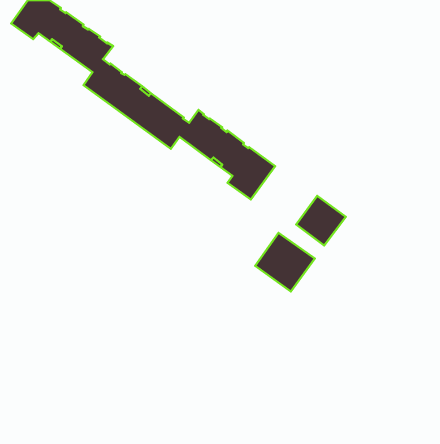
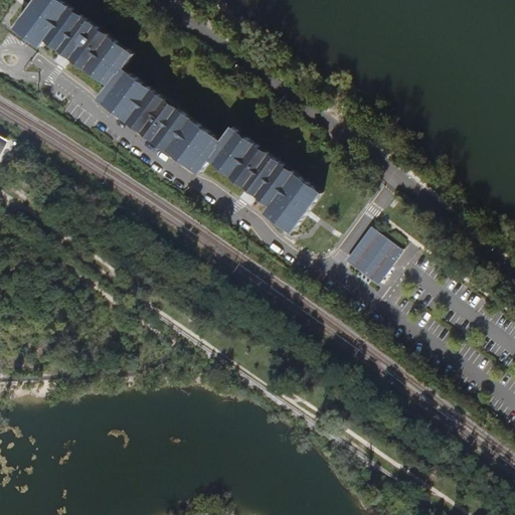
building: [255,233,315,292] -> none

